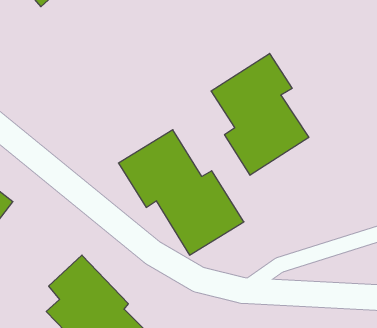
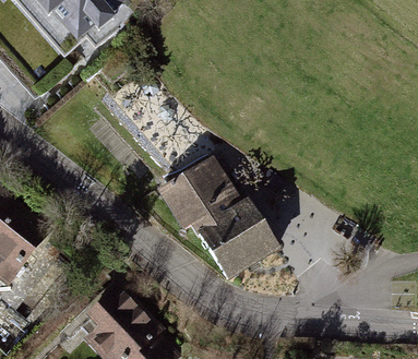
building: [211,53,309,175] -> none

